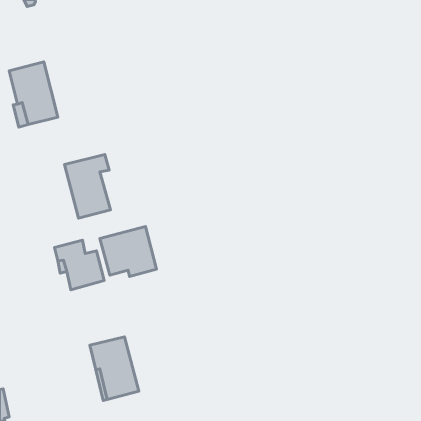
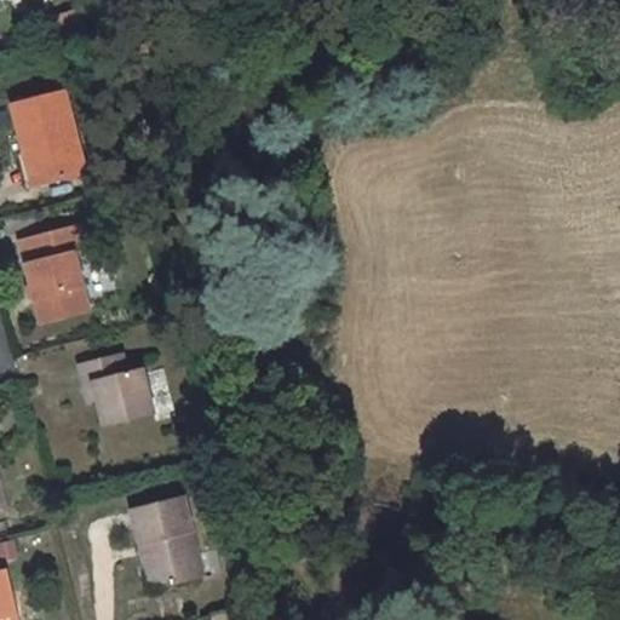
building: [64,154,111,218] -> [21,226,88,320]
building: [100,227,157,277] -> none

